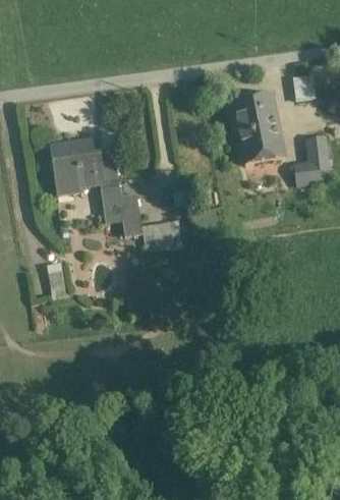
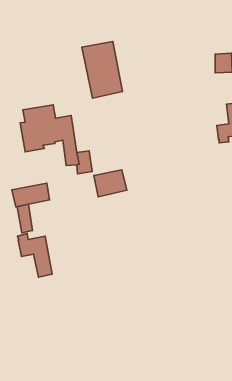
building: [232,94,283,164] -> [82,42,123,98]
building: none -> [12,183,50,207]
building: none -> [18,234,52,277]

